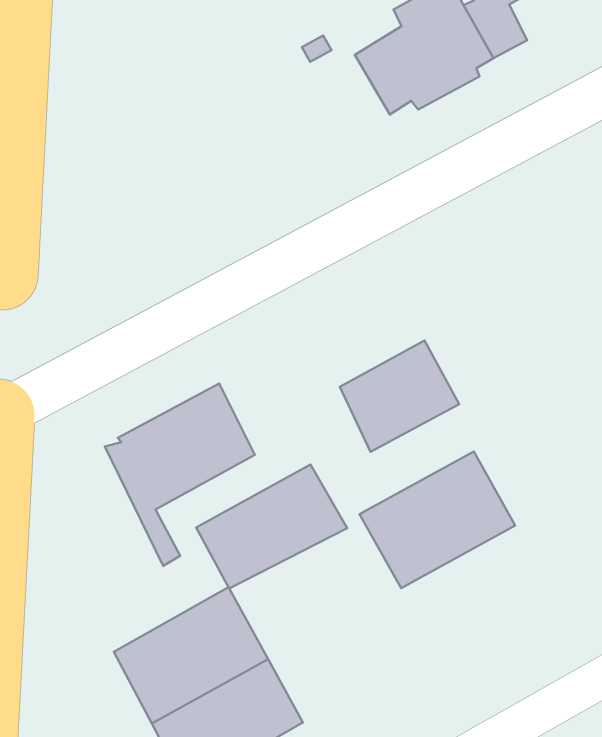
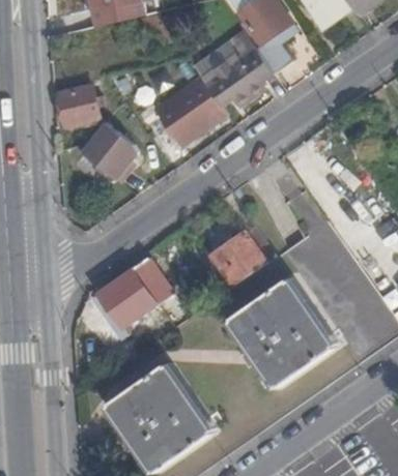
building: none -> [55,88,99,127]
building: none -> [155,82,223,144]
building: none -> [81,122,137,180]
building: [196,465,347,589] -> [255,316,334,385]

